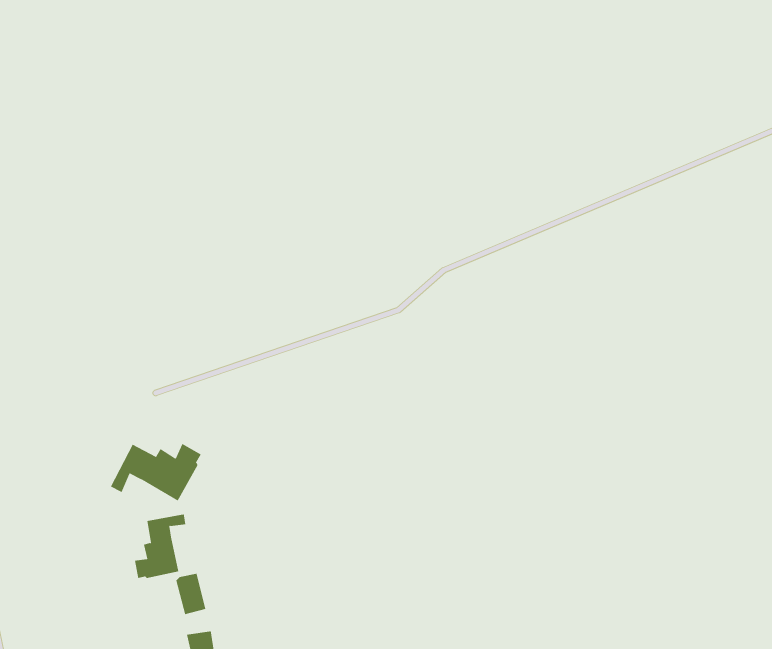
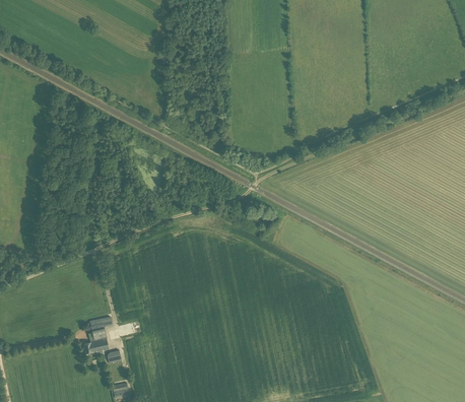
building: [110,443,201,502] -> none

